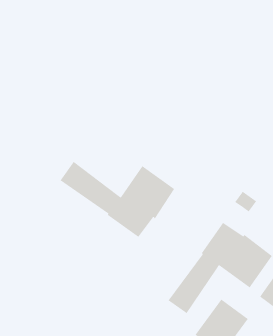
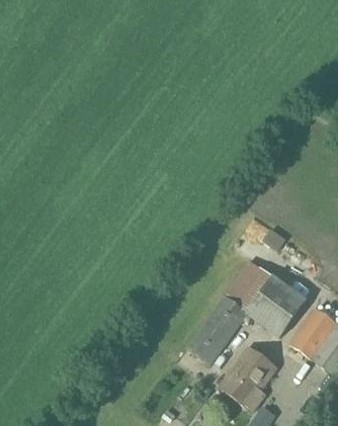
building: [59,161,175,238] -> none

